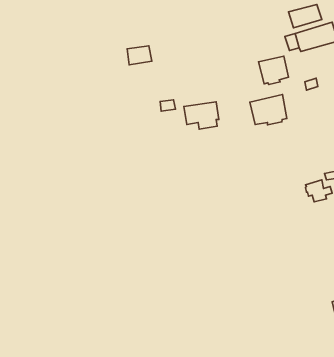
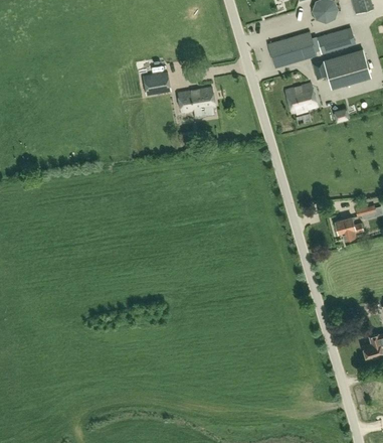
building: none -> [271,33,316,67]
building: [250,94,287,125] -> none
building: [184,102,219,129] -> [178,89,215,118]

